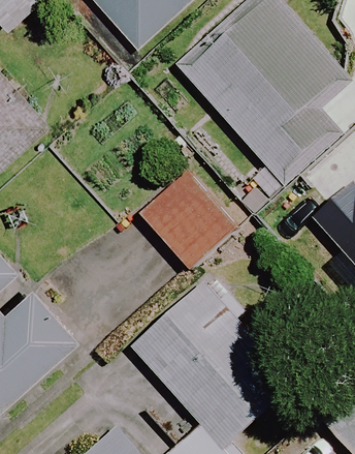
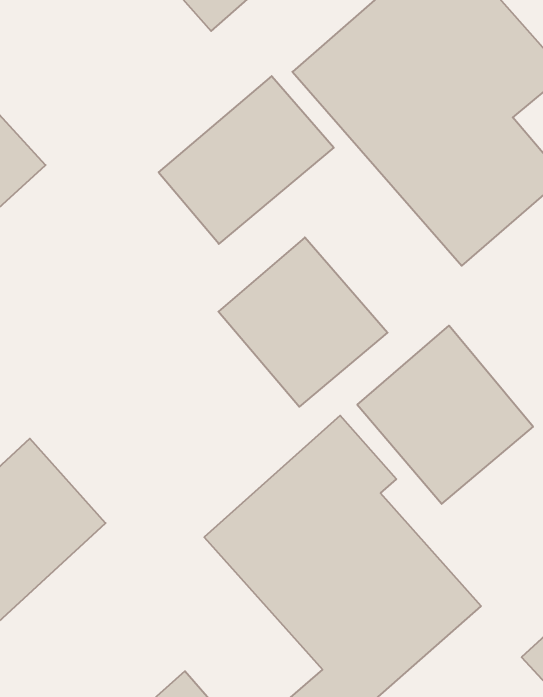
building: none -> [159,76,334,244]
building: none -> [357,326,533,504]

